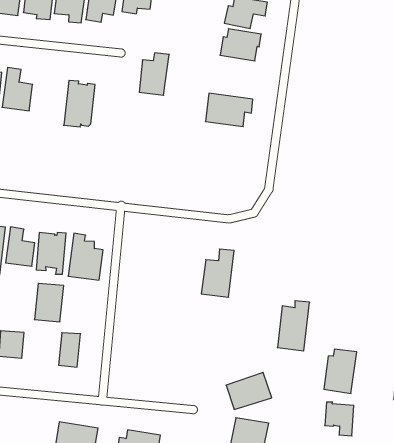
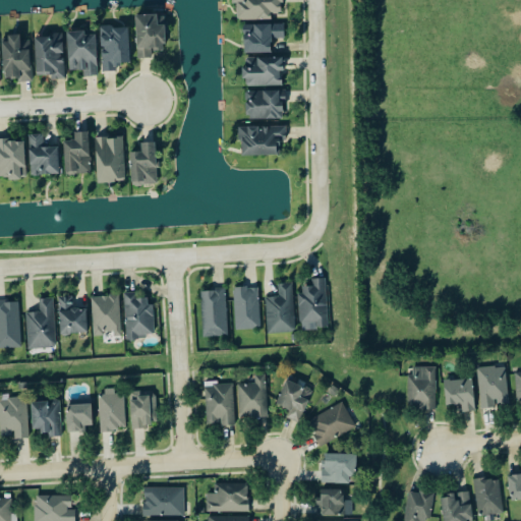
building: [139,53,169,95] -> [130,141,158,185]
building: none -> [248,90,285,118]
building: none -> [64,132,91,174]
building: none -> [199,288,227,337]
building: none -> [232,287,259,330]
building: [34,283,64,322] -> [97,393,125,432]
building: [277,301,310,351] -> [297,278,327,330]
building: none -> [236,377,266,418]
building: none -> [205,383,234,424]
building: none -> [276,380,307,423]
building: [325,402,354,436] -> [443,379,474,411]

